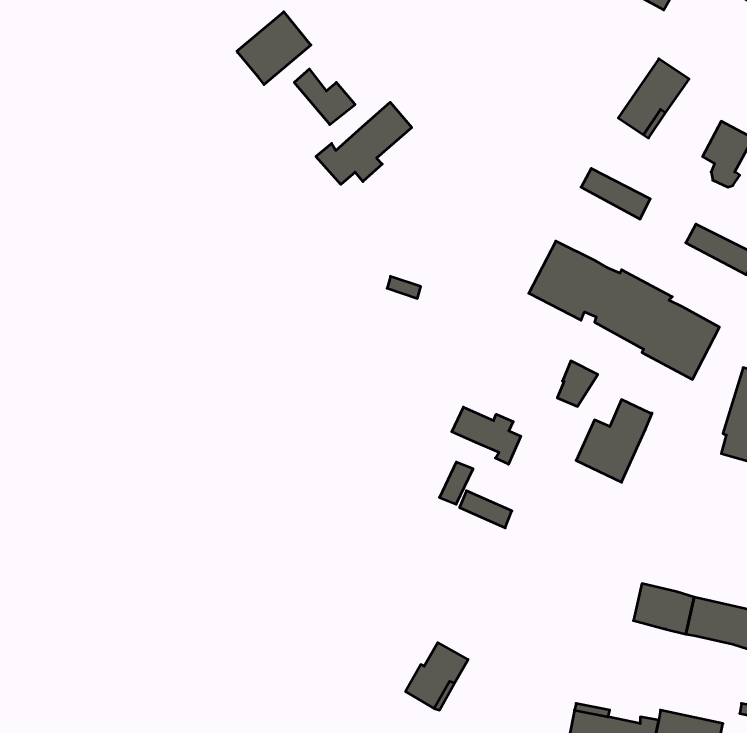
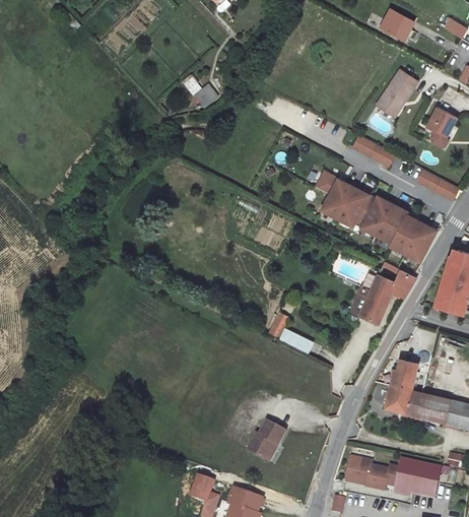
building: [237,12,311,85] -> none
building: [316,102,412,184] -> none
building: [557,361,598,406] -> [391,270,415,298]
building: [452,407,521,464] -> none
building: none -> [389,360,417,390]

